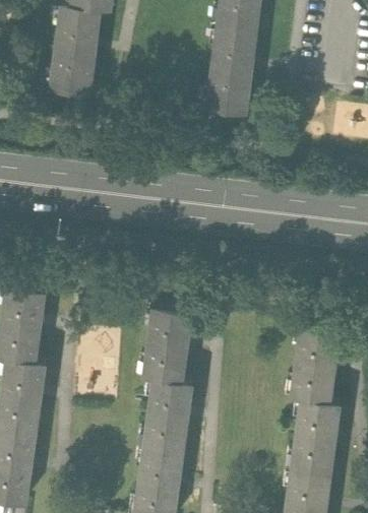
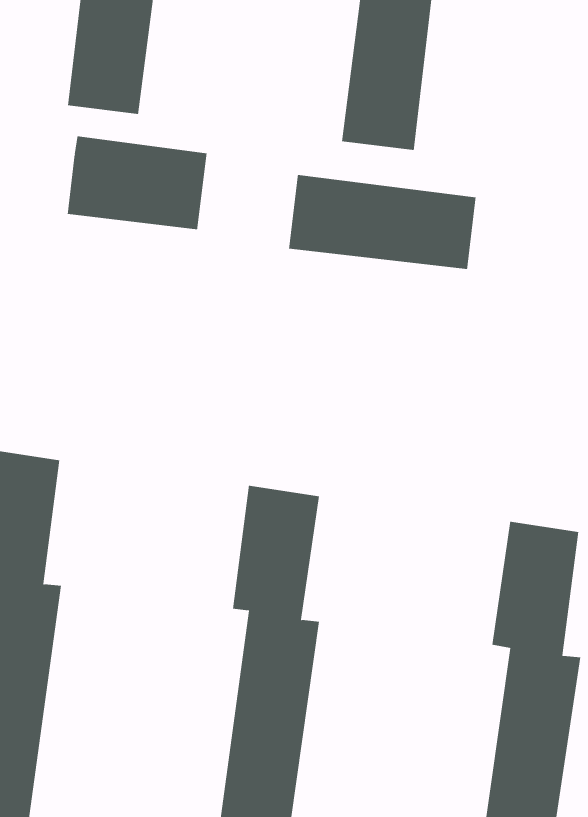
building: none -> [67,135,207,230]
building: none -> [288,174,476,270]

